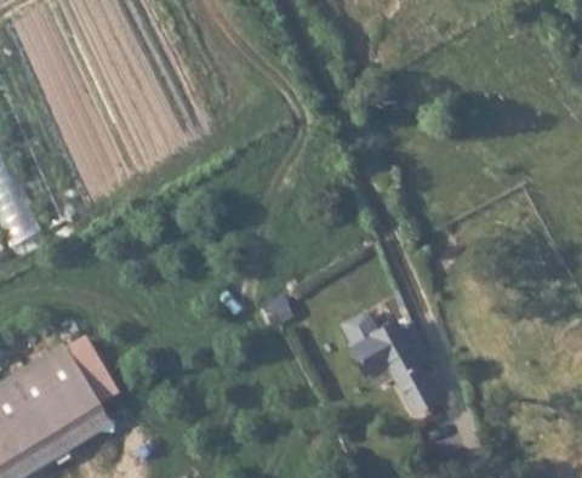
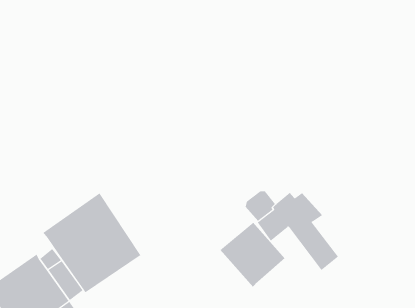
building: none -> [43,193,141,293]
building: none -> [219,222,285,287]

